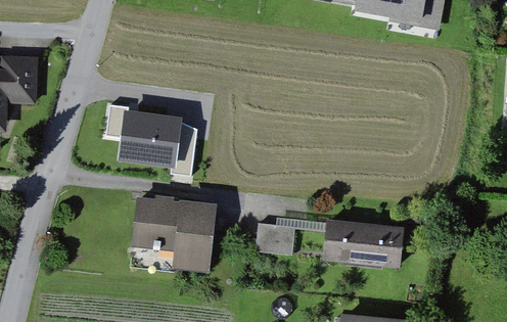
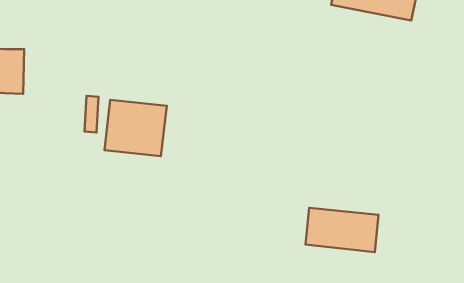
building: [135,200,214,270] -> none
building: [256,223,293,251] -> none

